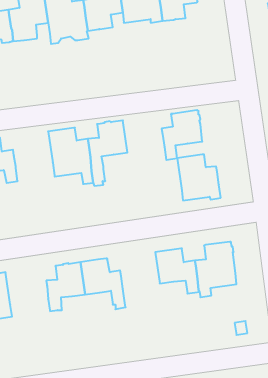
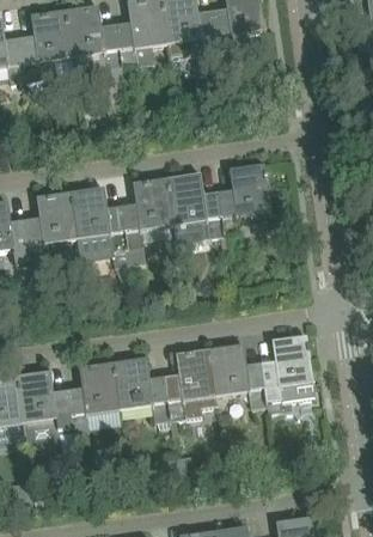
building: none -> [24,194,75,258]
building: [177,154,221,200] -> [166,175,222,234]
building: none -> [163,350,215,416]
building: none -> [14,372,72,447]

